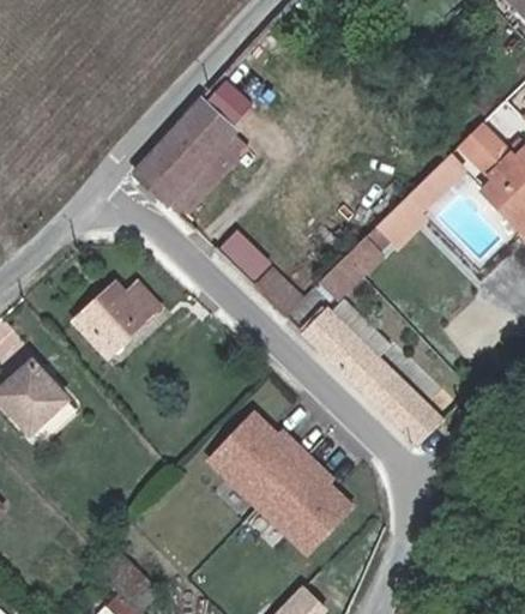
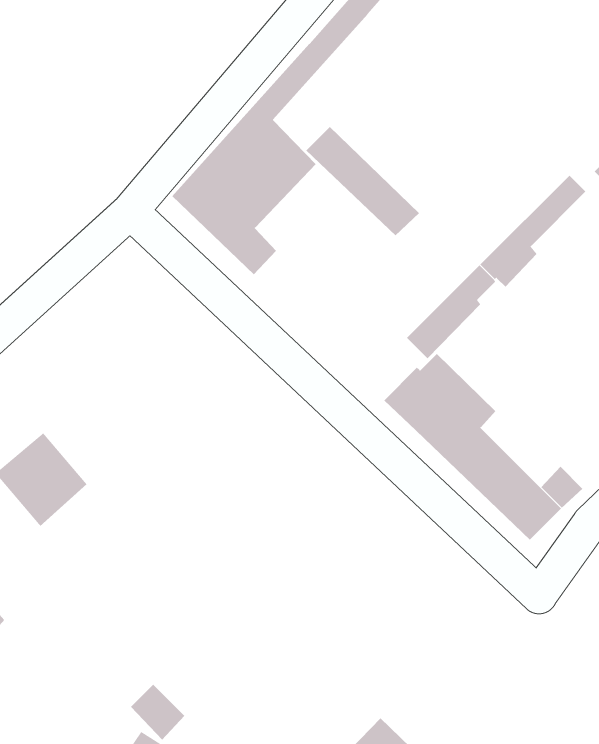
building: [213,227,303,313] -> [305,126,420,236]
building: [78,283,163,356] -> none
building: [194,416,337,558] -> none

